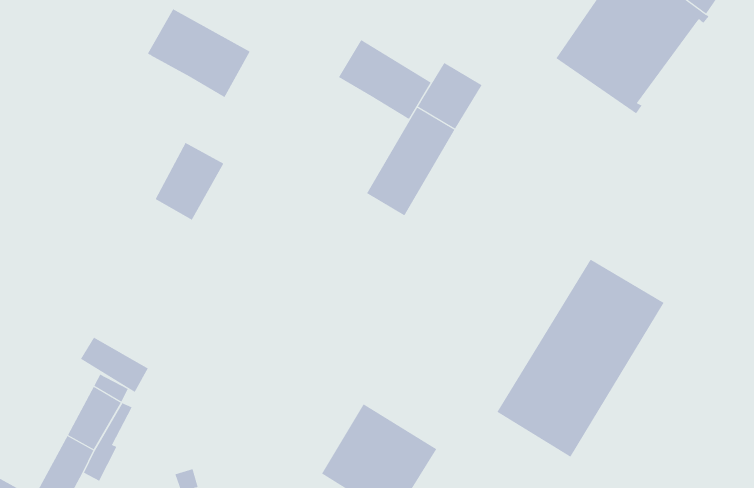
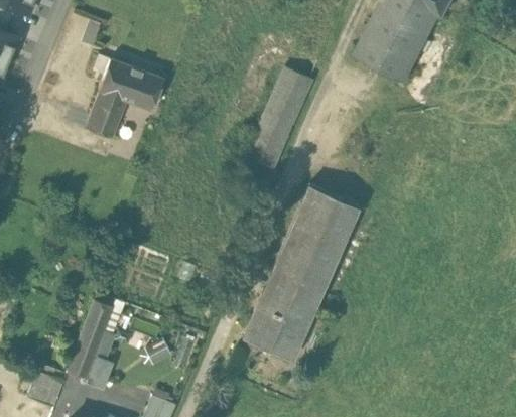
building: [338,39,431,119] -> none
building: [155,142,224,220] -> [86,90,126,138]
building: [497,259,665,457] -> [263,185,359,311]
building: [80,337,148,393] -> none

